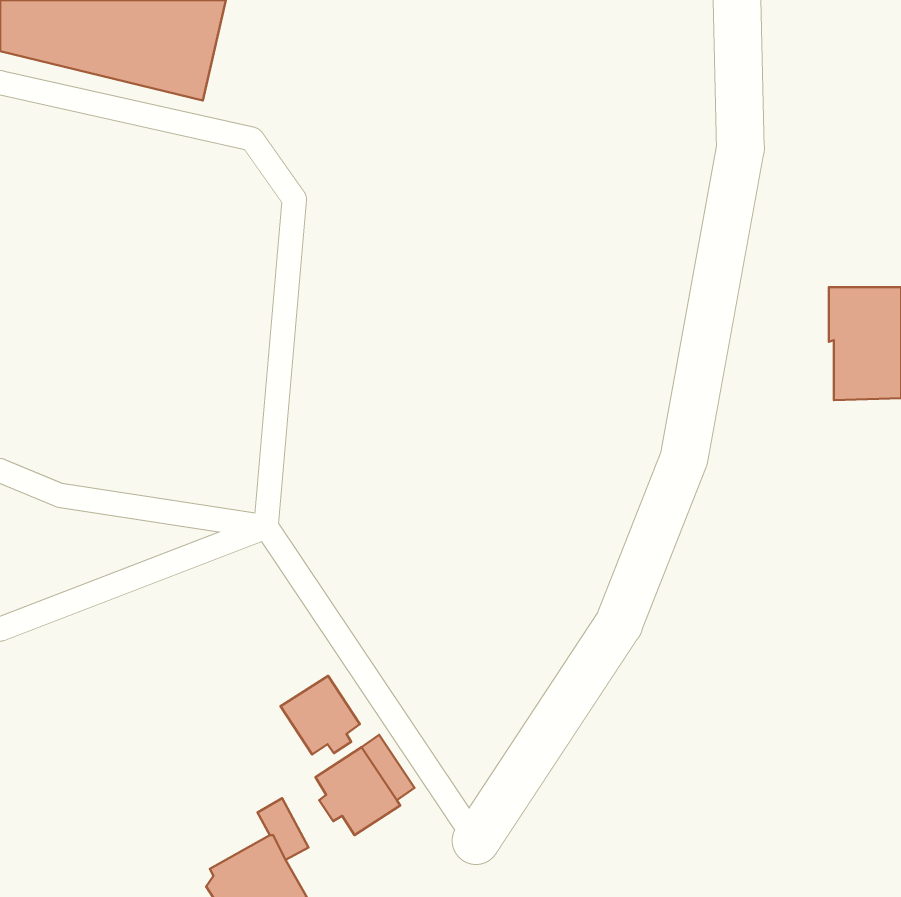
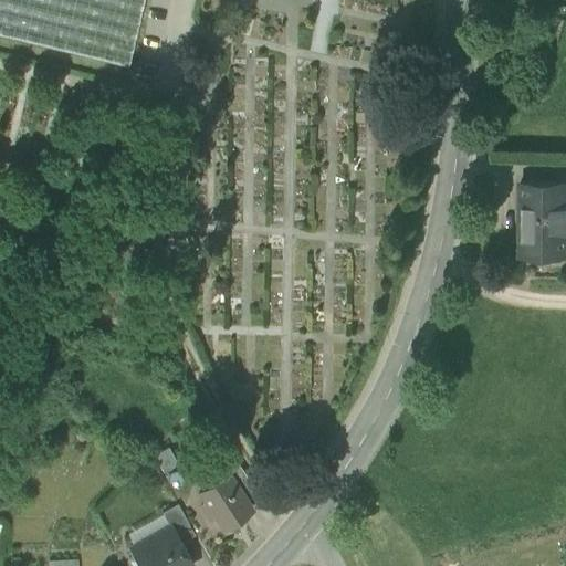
building: [280,676,360,755] -> none

